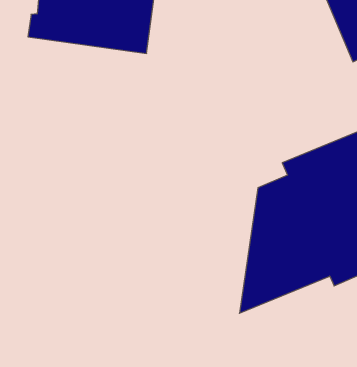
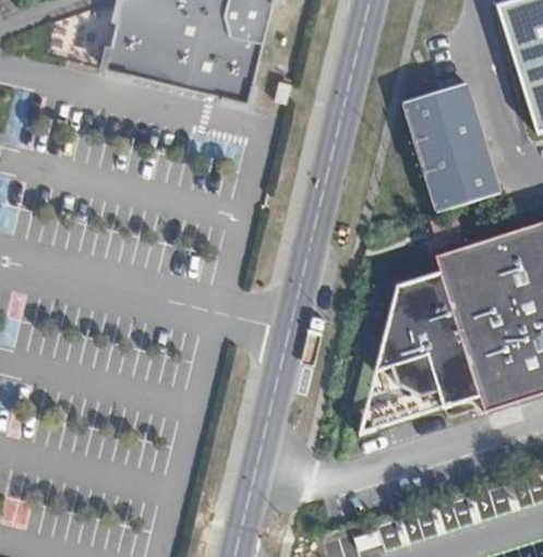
building: none -> [402,76,498,201]

